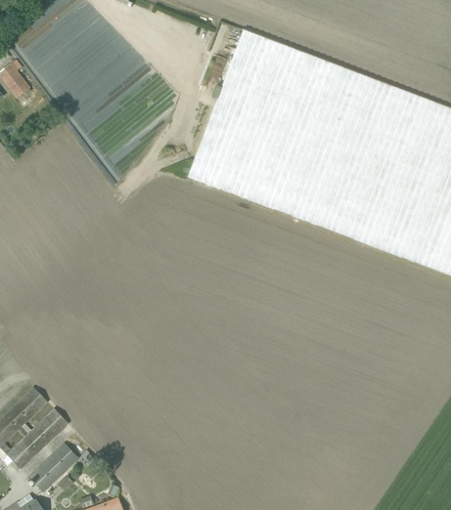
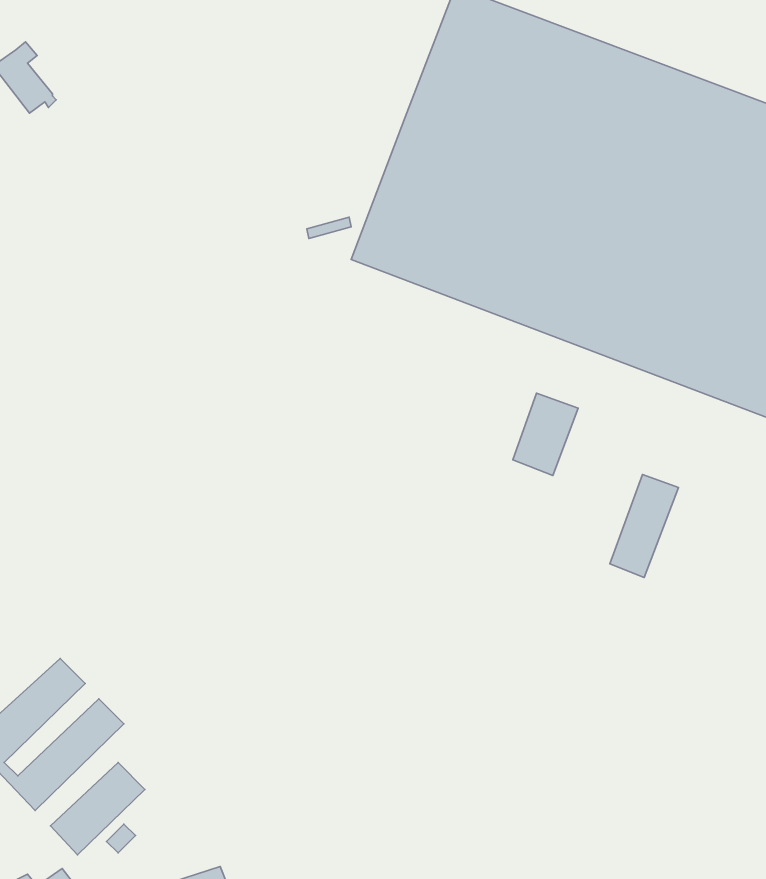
building: none -> [513,393,578,475]
building: none -> [610,475,678,577]

